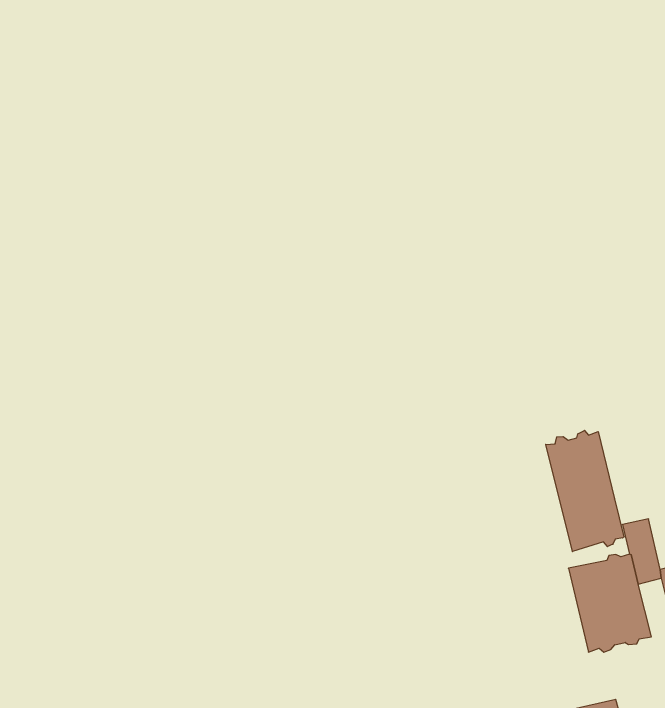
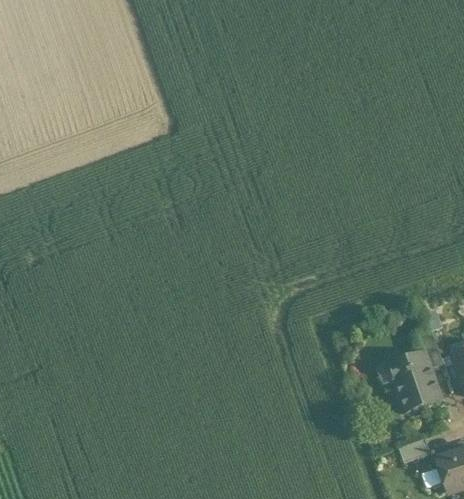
building: [546,430,624,552] -> none

